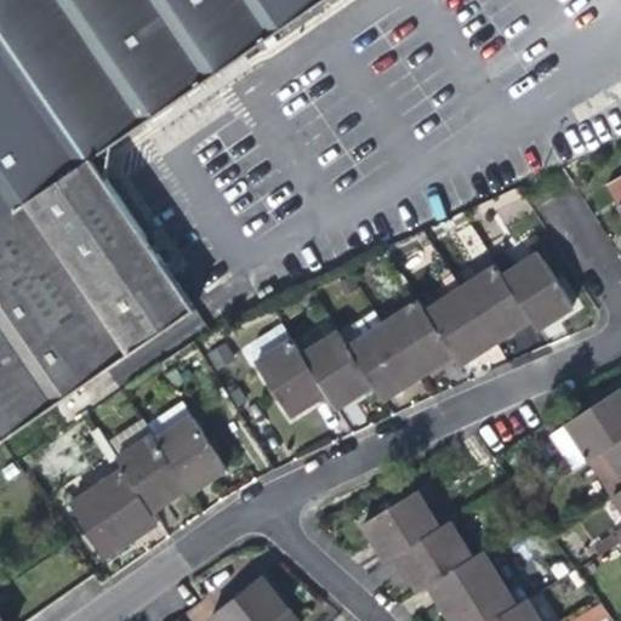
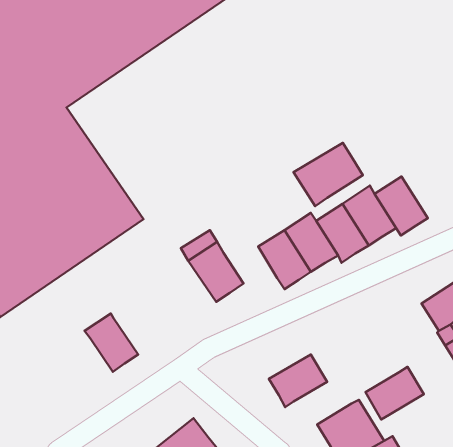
building: none -> [294,143,363,206]
building: [300,330,371,409] -> none
building: [153,416,224,492] -> none
building: [68,467,159,558] -> none
building: [393,518,471,588] -> [366,367,424,419]

